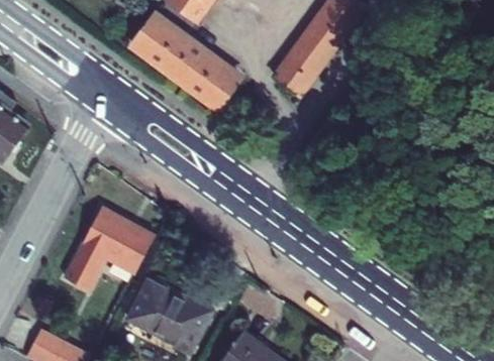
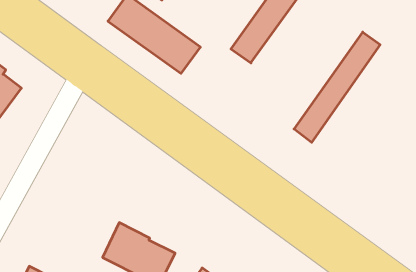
building: none -> [294,32,380,142]
building: [64,207,155,291] -> none

